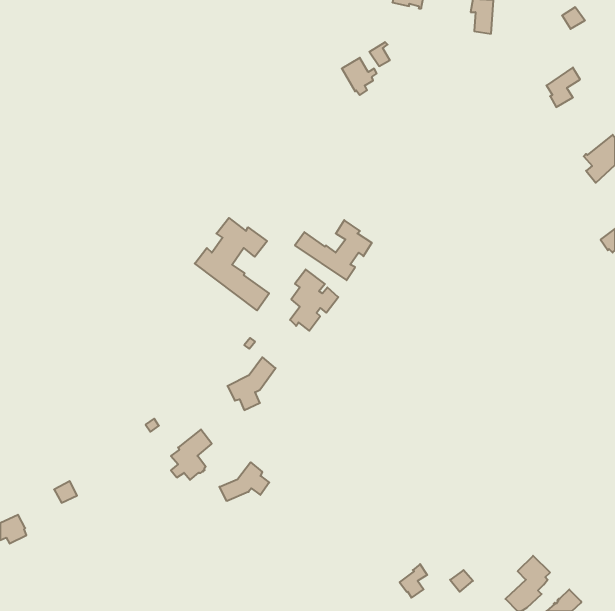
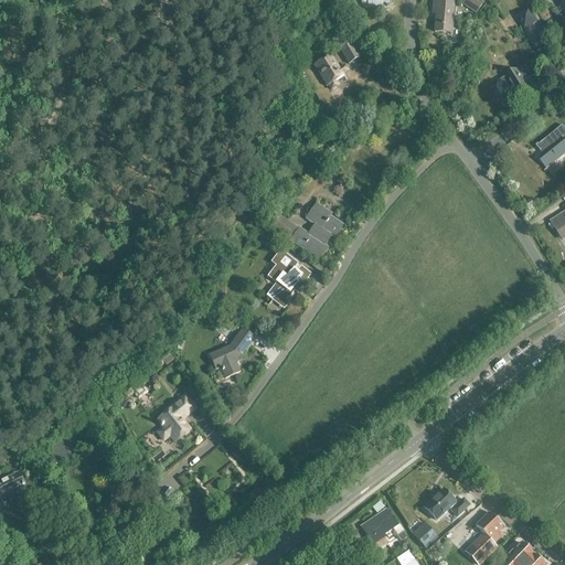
building: [195,218,269,310] -> none
building: [219,462,269,501] -> none
building: none -> [424,488,469,519]

